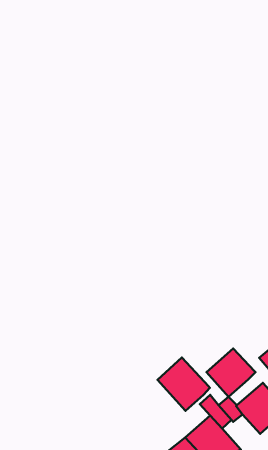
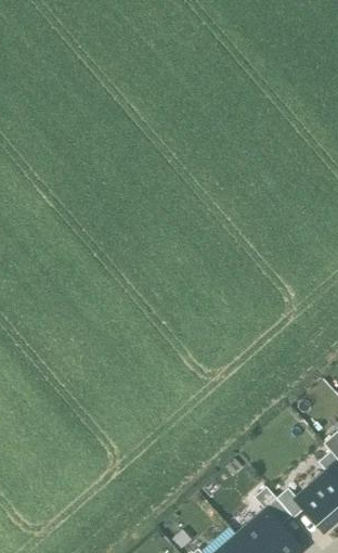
building: [207,348,255,397] -> none
building: [157,358,210,411] -> none

